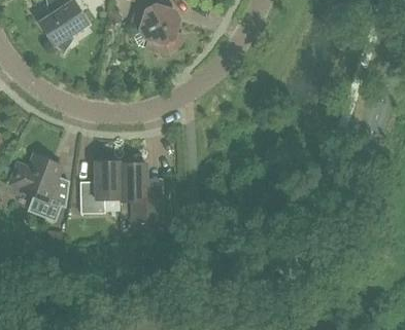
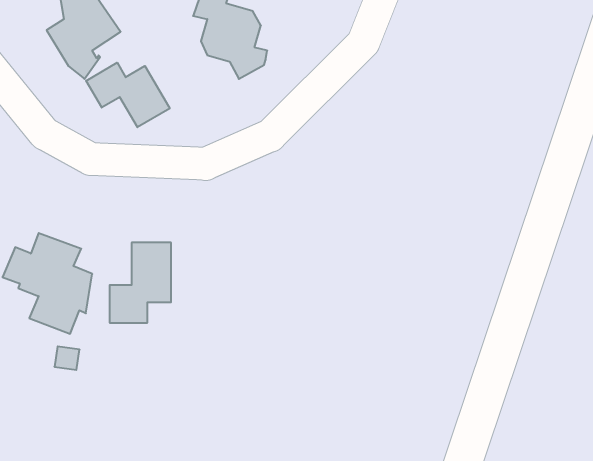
building: none -> [86,63,170,127]
building: [120,162,162,221] -> none

